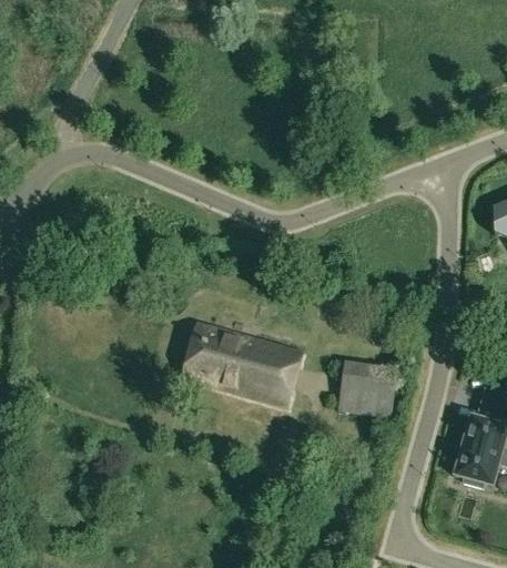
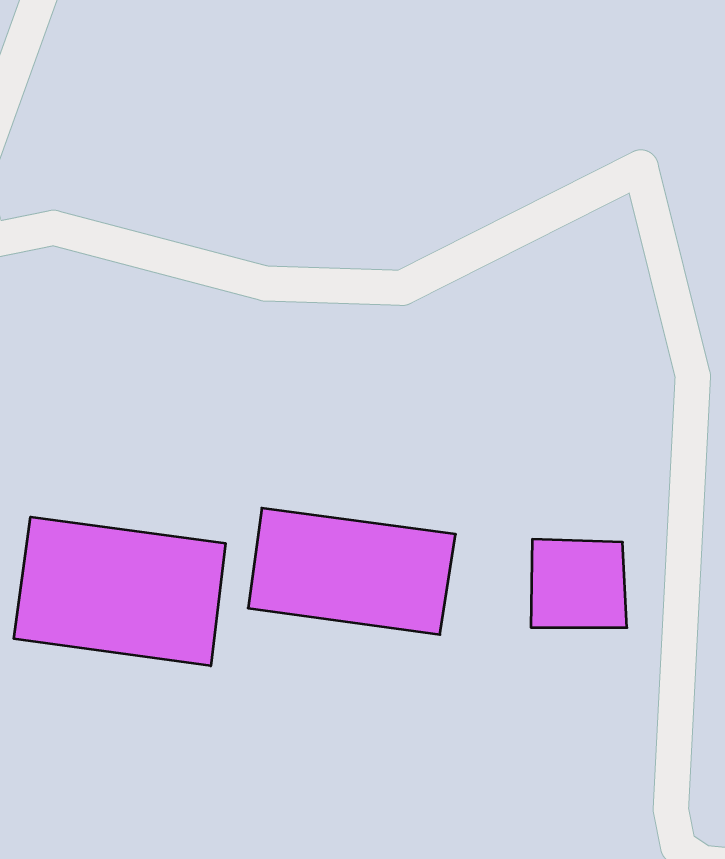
building: none -> [14,517,225,666]

